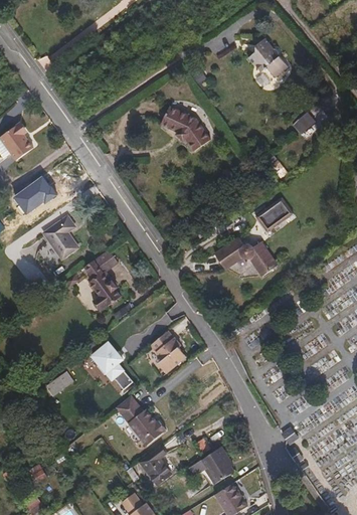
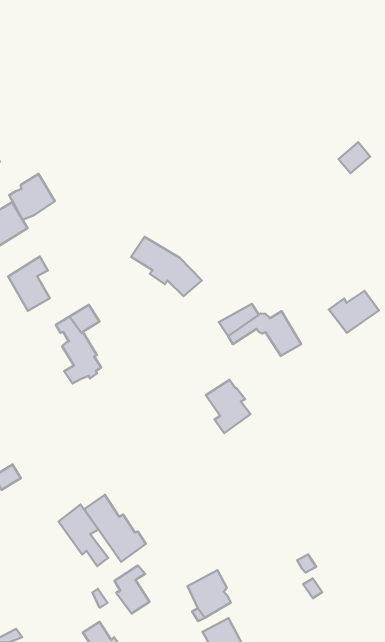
building: [247,36,290,76] -> none
building: [156,110,211,153] -> [131,237,202,296]
building: none -> [9,174,55,220]
building: [252,199,291,232] -> [329,291,379,333]
building: [150,332,185,373] -> [206,380,250,433]
building: [93,342,133,388] -> [58,505,108,566]

